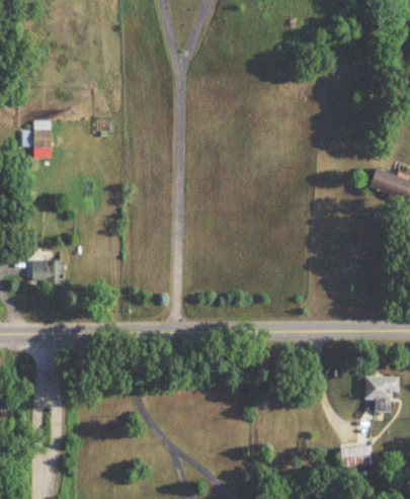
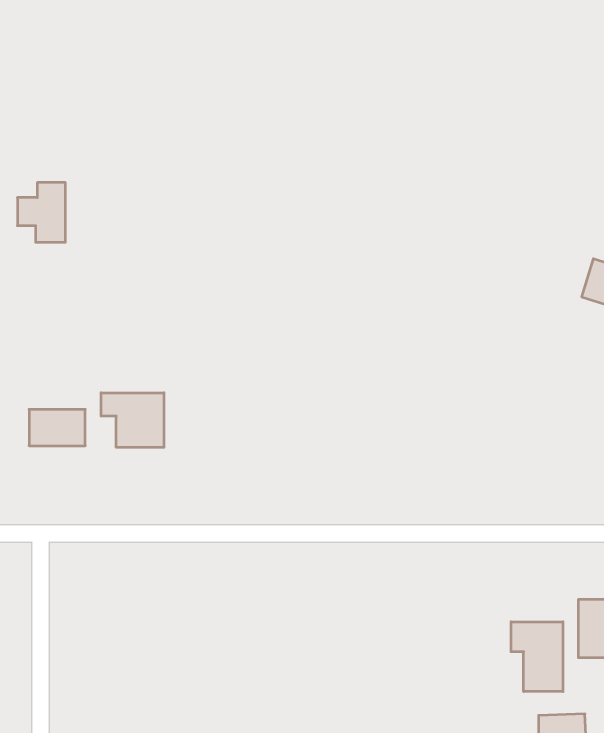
building: none -> [101,393,164,447]
building: none -> [511,622,563,692]

